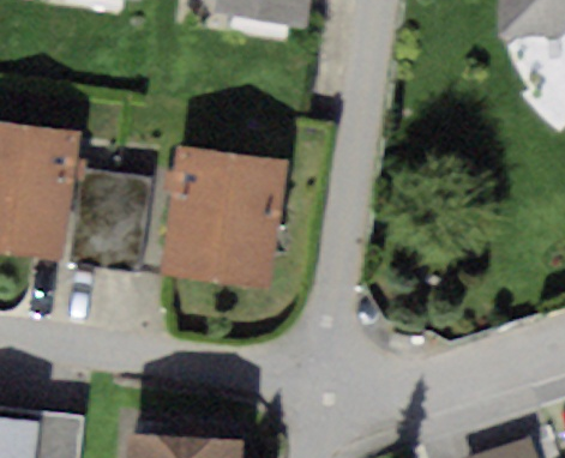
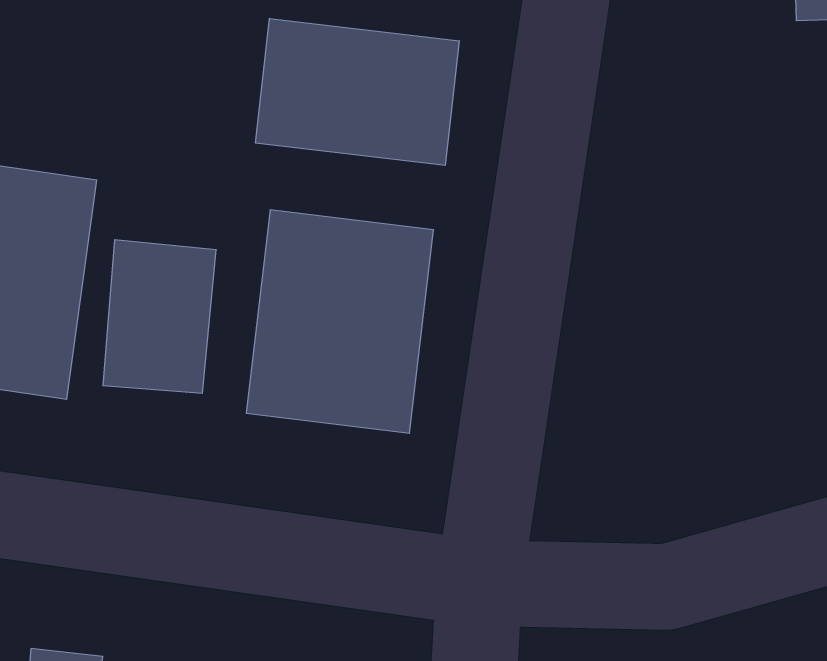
building: none -> [255,18,459,165]

